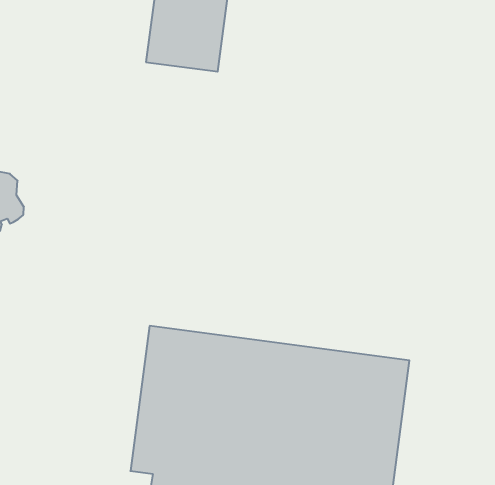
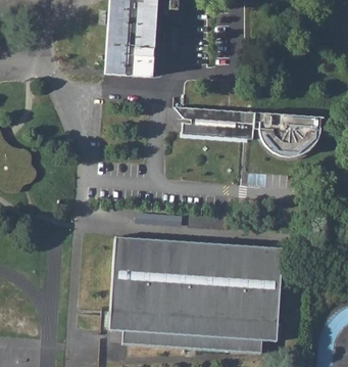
building: none -> [173,105,321,154]

